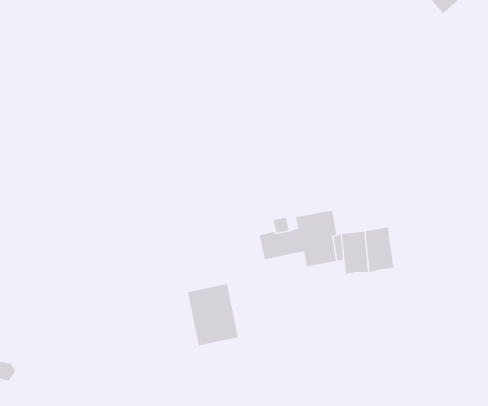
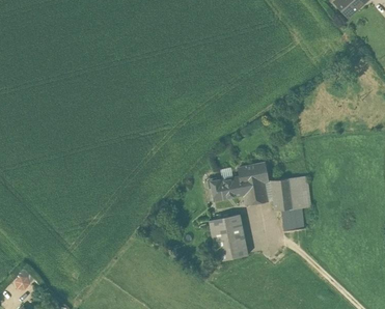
building: none -> [282,206,304,230]
building: [187,283,239,346] -> [210,213,248,259]

